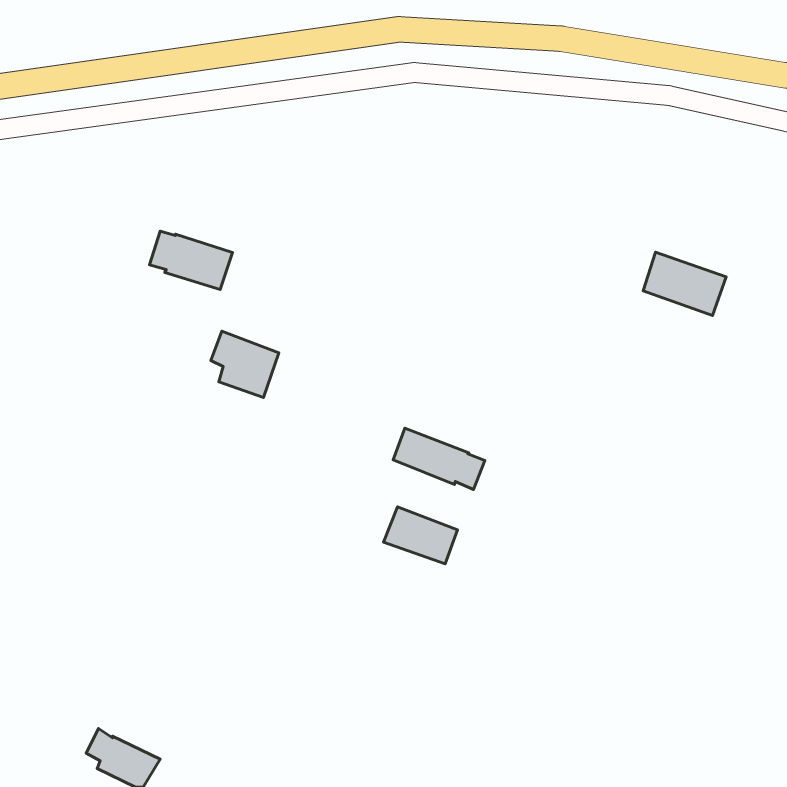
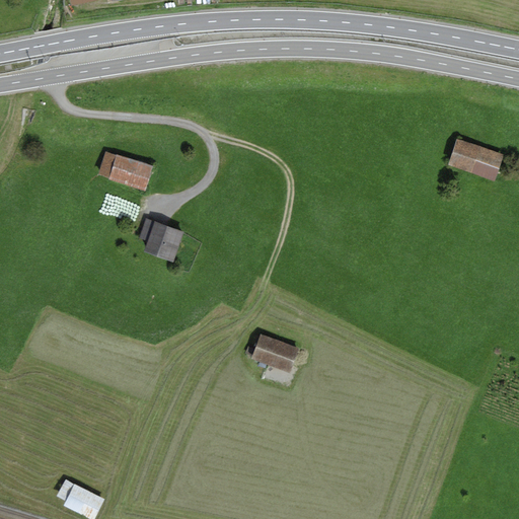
building: [643,252,726,315] -> [449,139,504,180]
building: [393,428,485,489] -> none

